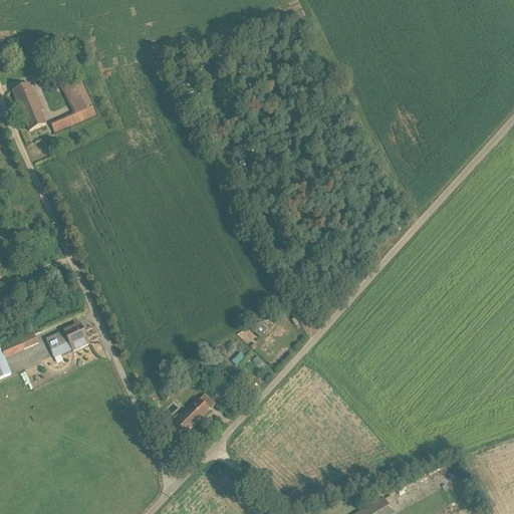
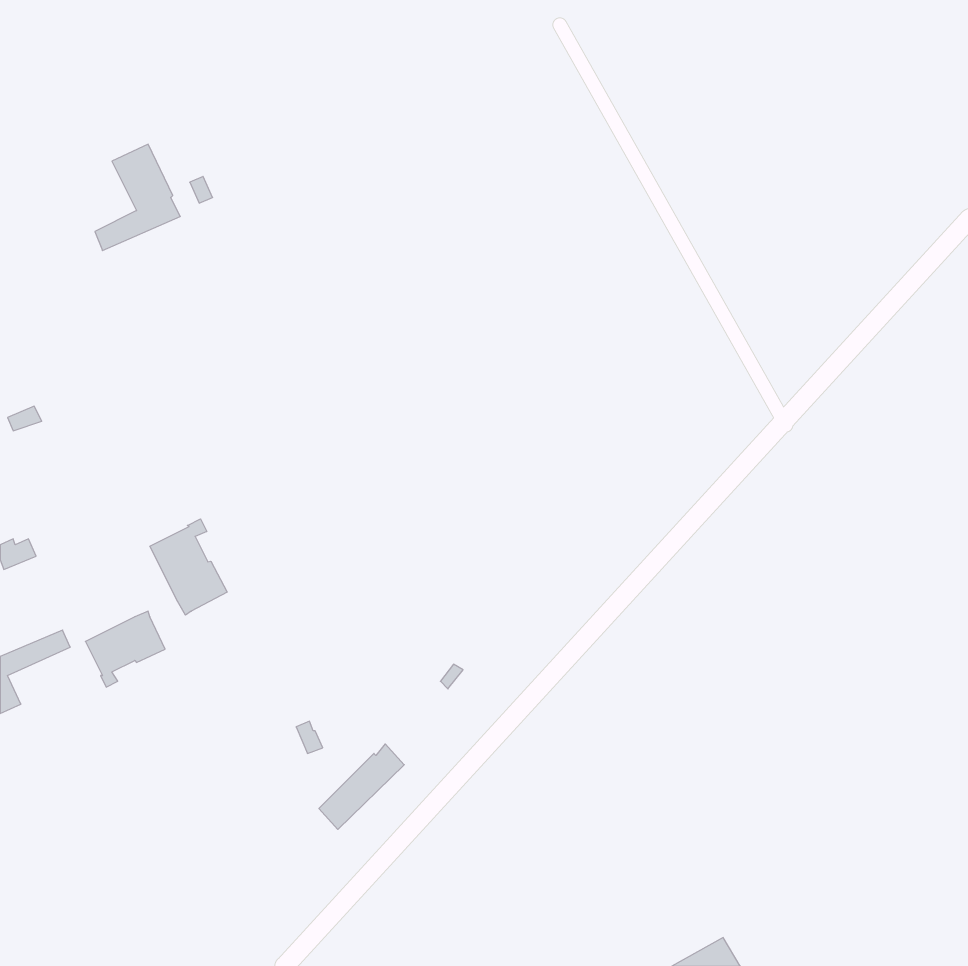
building: [12,83,47,131] -> none
building: none -> [150,519,227,615]

